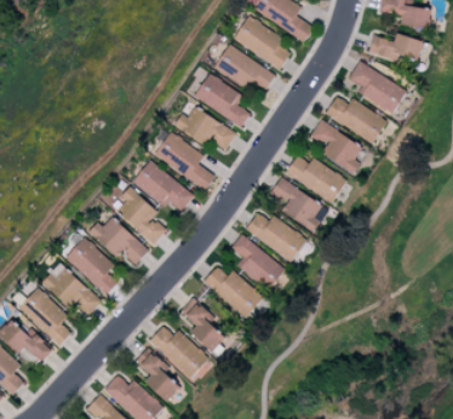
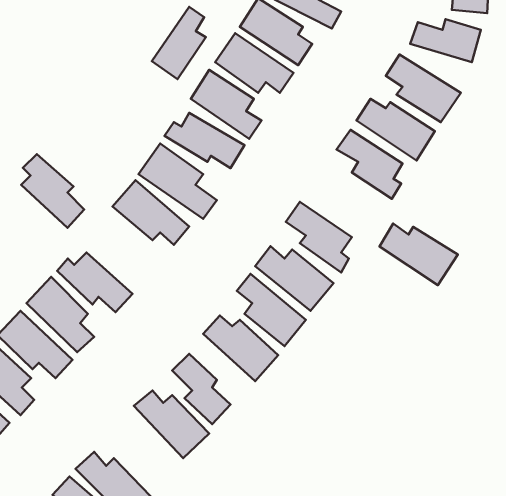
building: none -> [152,7,206,79]
building: [285,155,346,203] -> [379,224,458,285]
building: [116,186,166,245] -> [21,154,84,228]
building: [134,348,179,401] -> none

